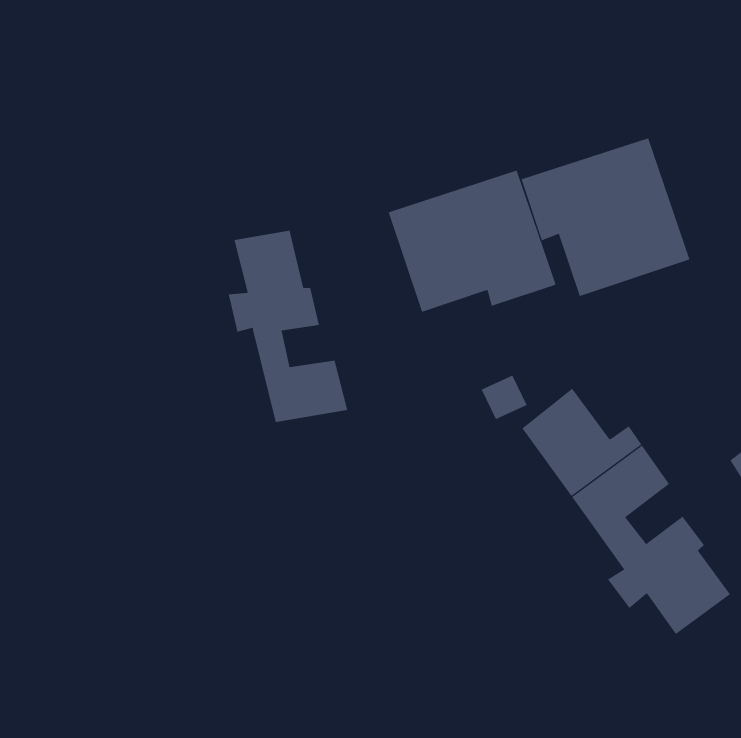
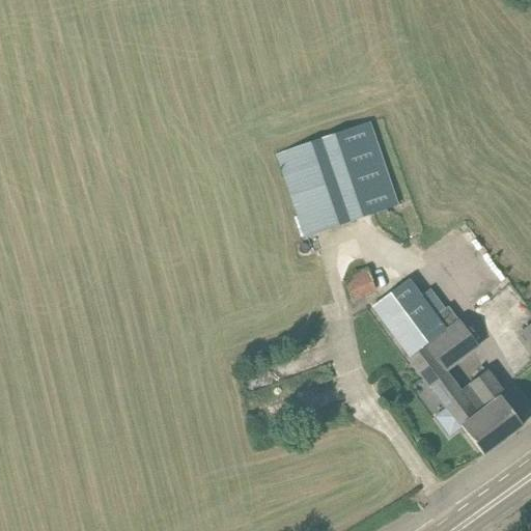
building: [521,137,690,297] -> none
building: [228,230,348,423] -> none

